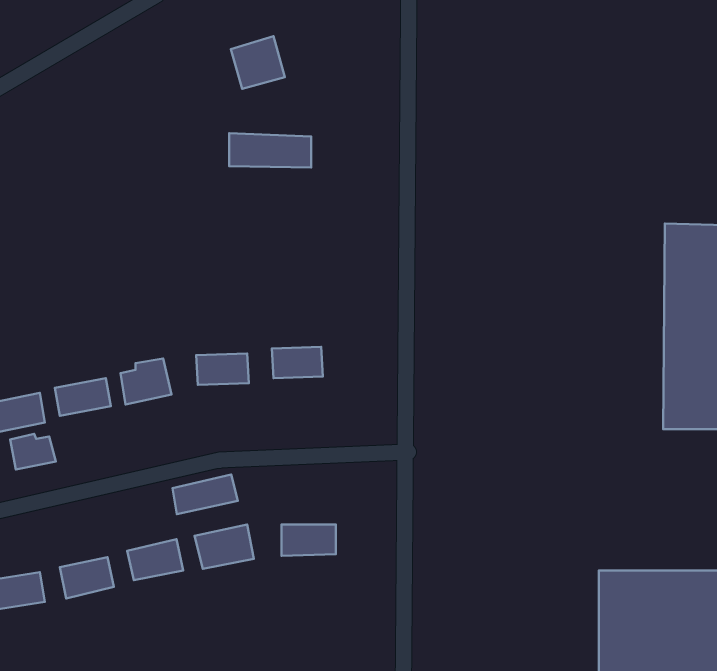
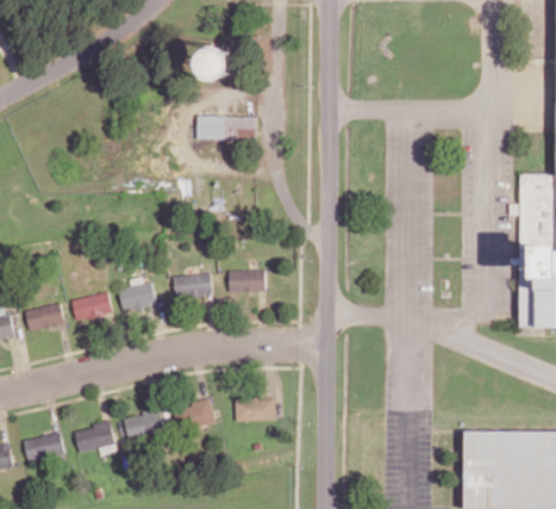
building: [10,434,56,469] -> none
building: [172,474,238,514] -> none

